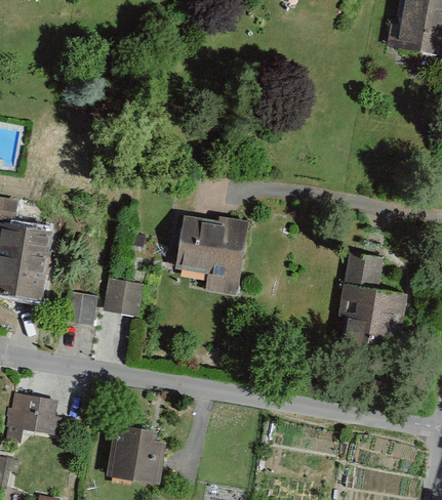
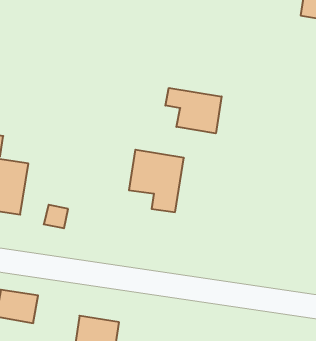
building: none -> [165,88,222,133]
building: [341,254,403,357] -> none
building: [103,280,143,318] -> none

